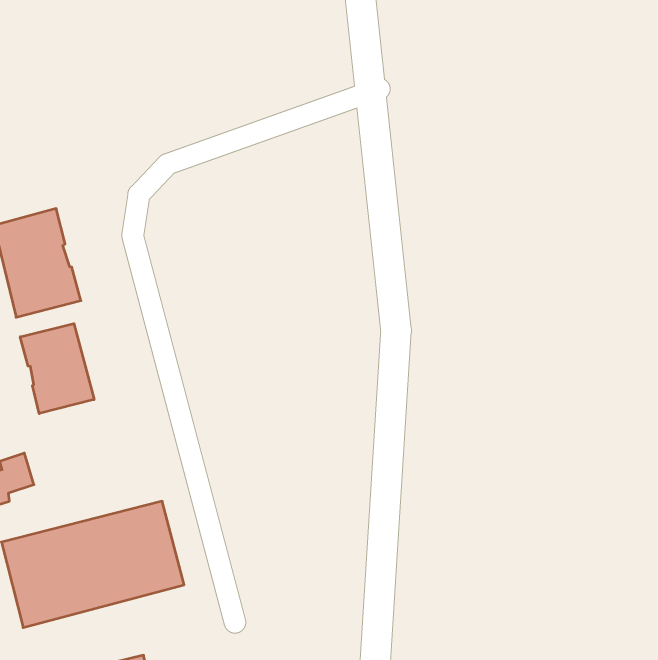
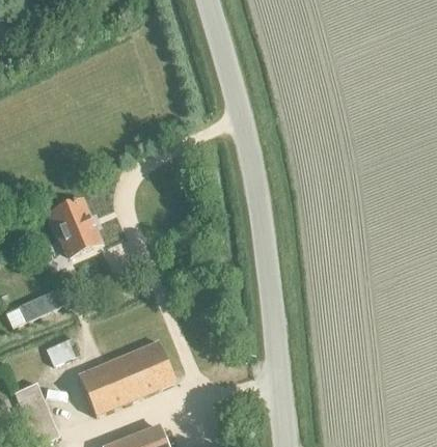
building: [20,324,94,414] -> none

